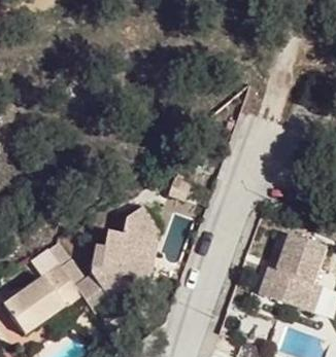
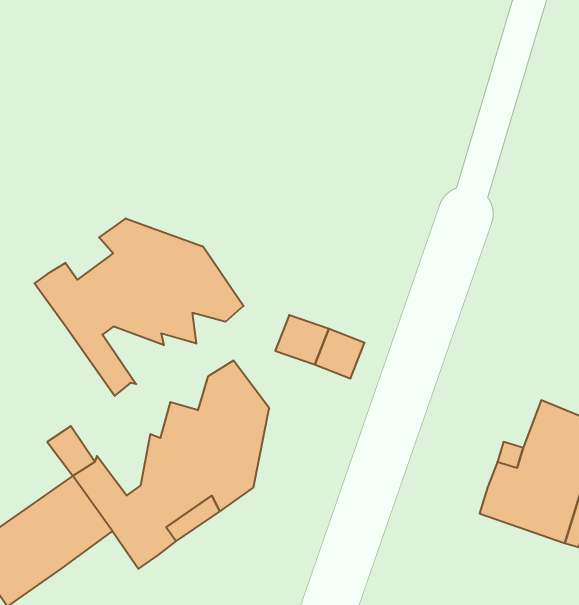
building: none -> [34,218,244,396]

